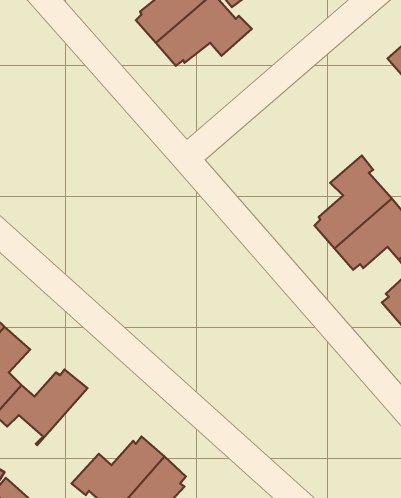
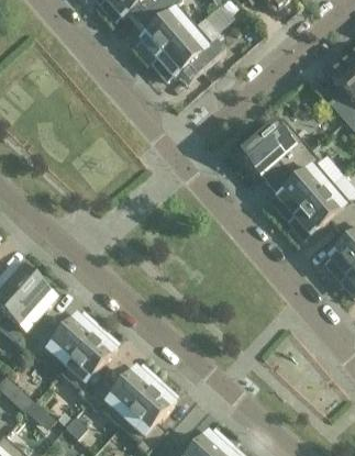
building: none -> [238,115,308,175]
building: none -> [58,327,114,401]

